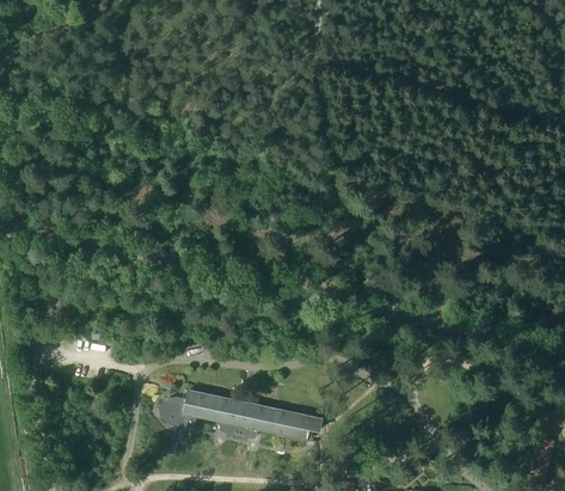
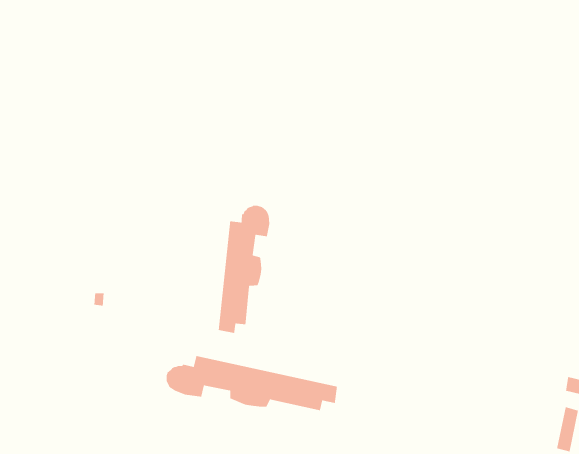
building: none -> [218,205,270,334]

